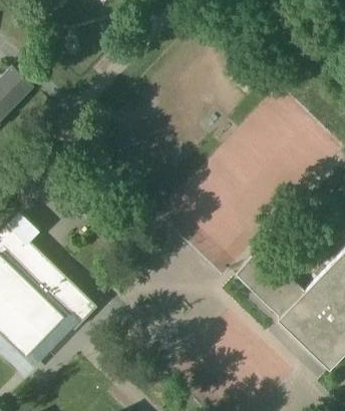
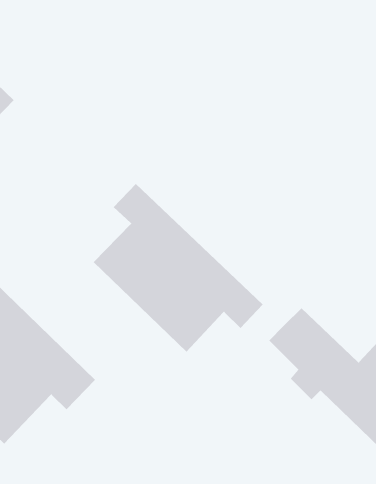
building: none -> [93,183,264,352]

